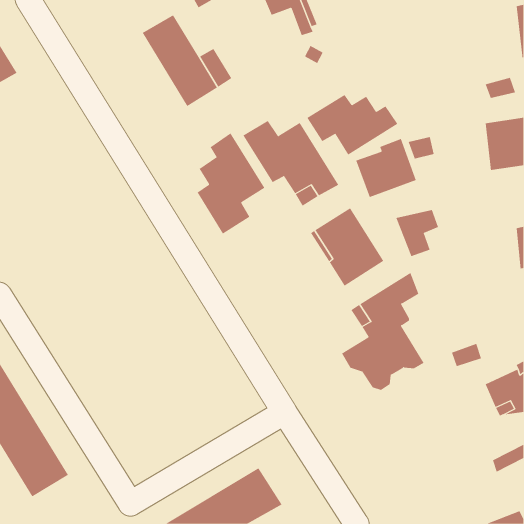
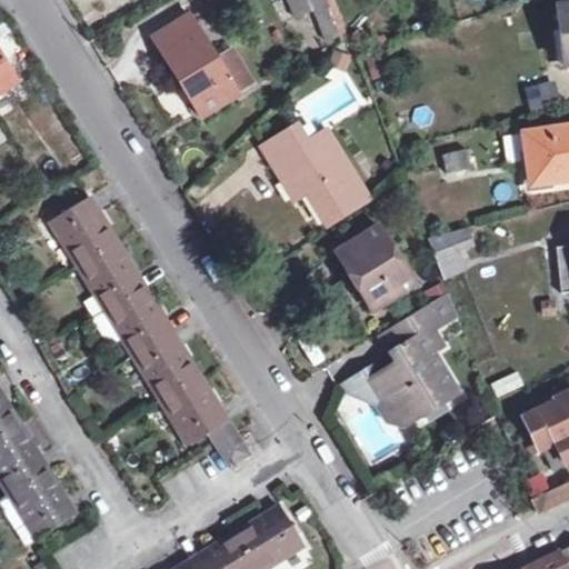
building: [307,94,398,155] -> none
building: [197,132,265,234] -> none
building: [356,138,416,198] -> none
building: none -> [48,191,248,463]

